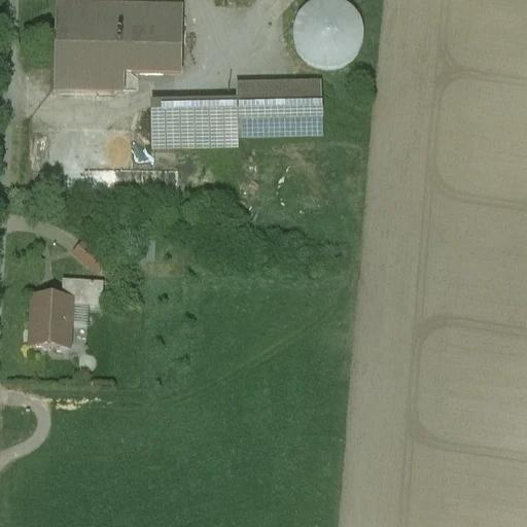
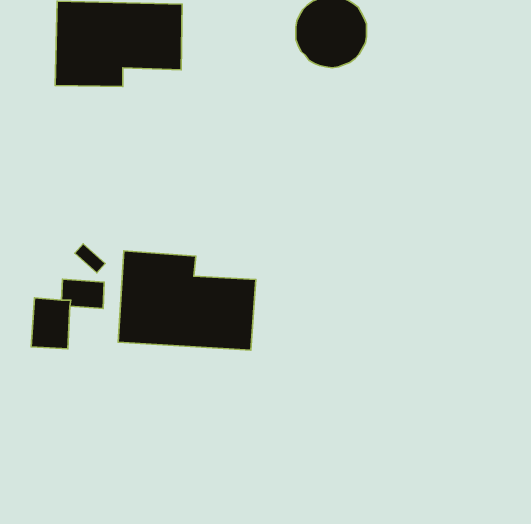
building: [151,81,322,145] -> none
building: none -> [118,251,256,350]

